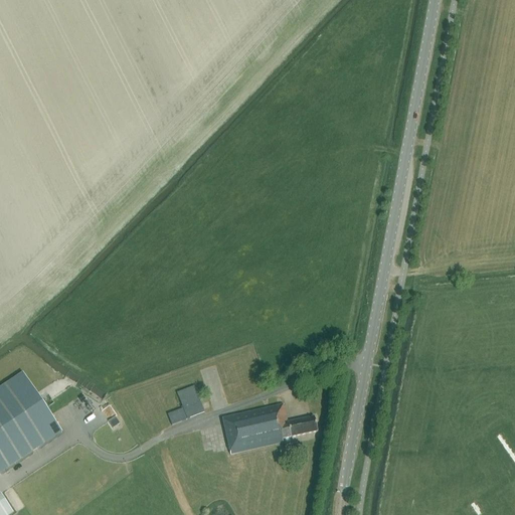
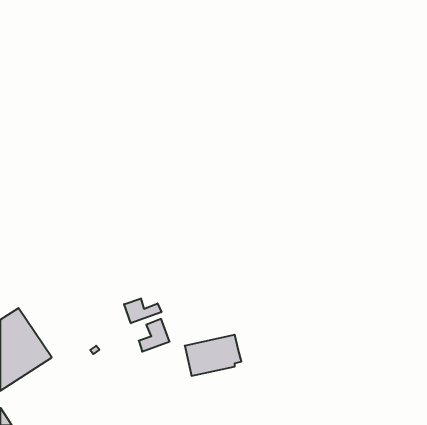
building: none -> [124,298,161,323]
building: [287,415,318,436] -> none

